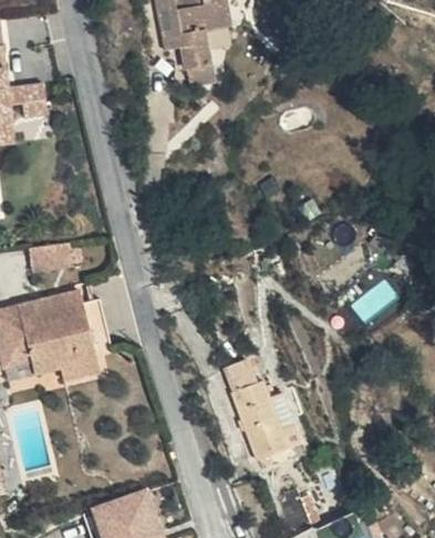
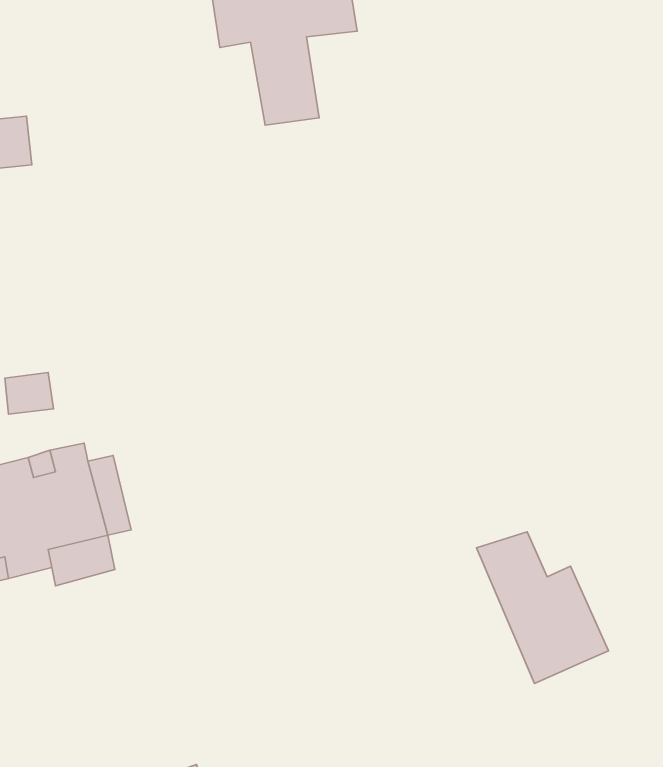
building: [221,377,302,470] -> [477,532,609,683]

